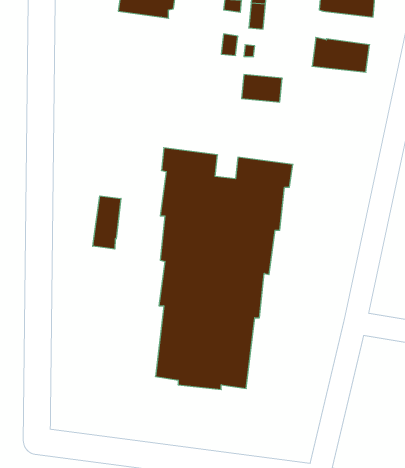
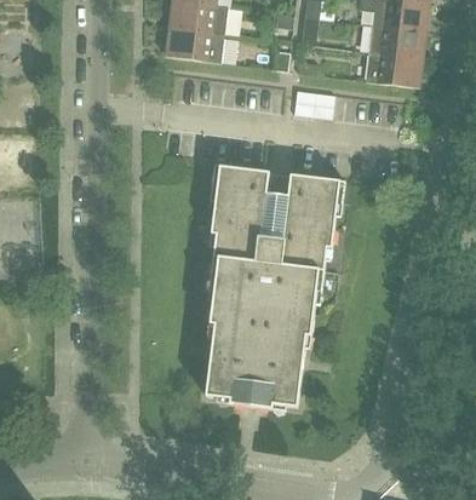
building: none -> [165,27,223,63]
building: none -> [368,27,426,61]
building: [93,196,121,249] -> none

